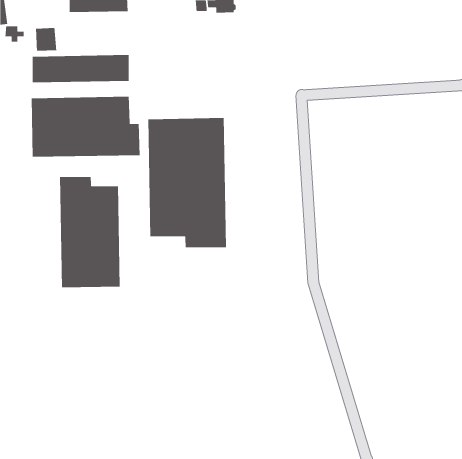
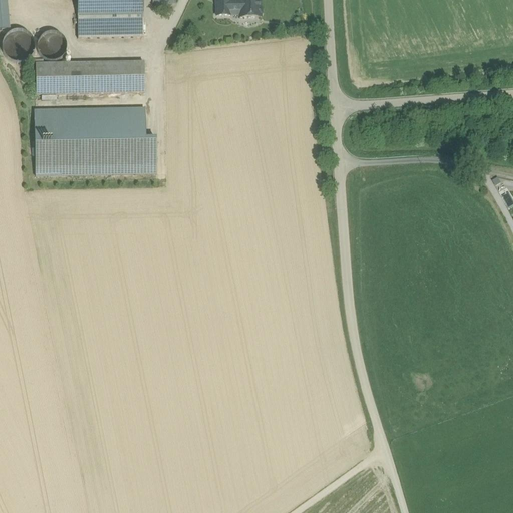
building: none -> [76,13,142,36]
building: [148,117,227,248] -> none
building: [59,176,120,288] -> none

